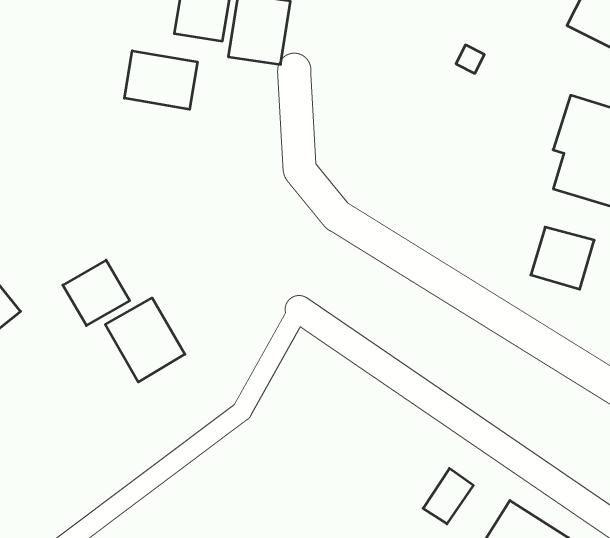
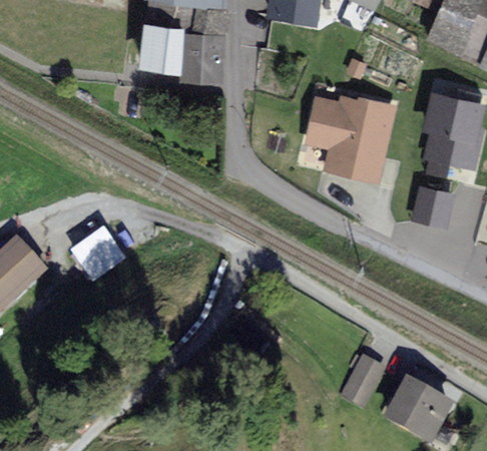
building: [124,51,197,109] -> none
building: none -> [303,94,393,182]
building: [105,298,185,382] -> none

